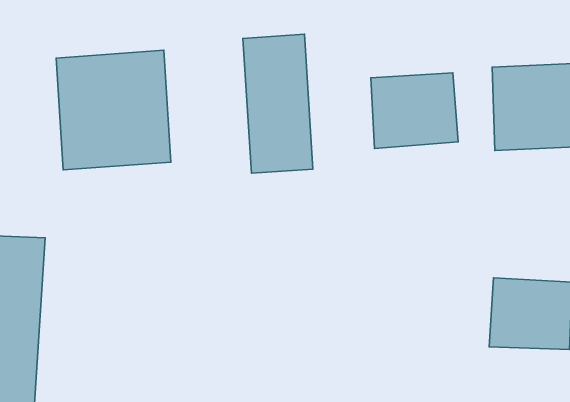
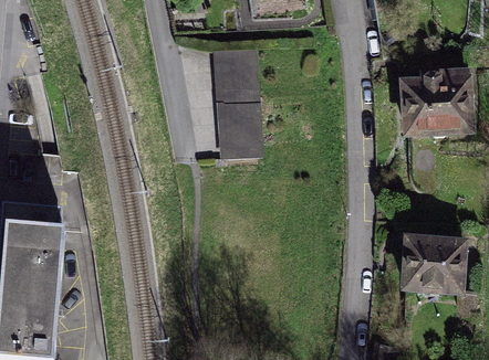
building: [56,50,171,170] -> none
building: [371,73,458,149] -> none

